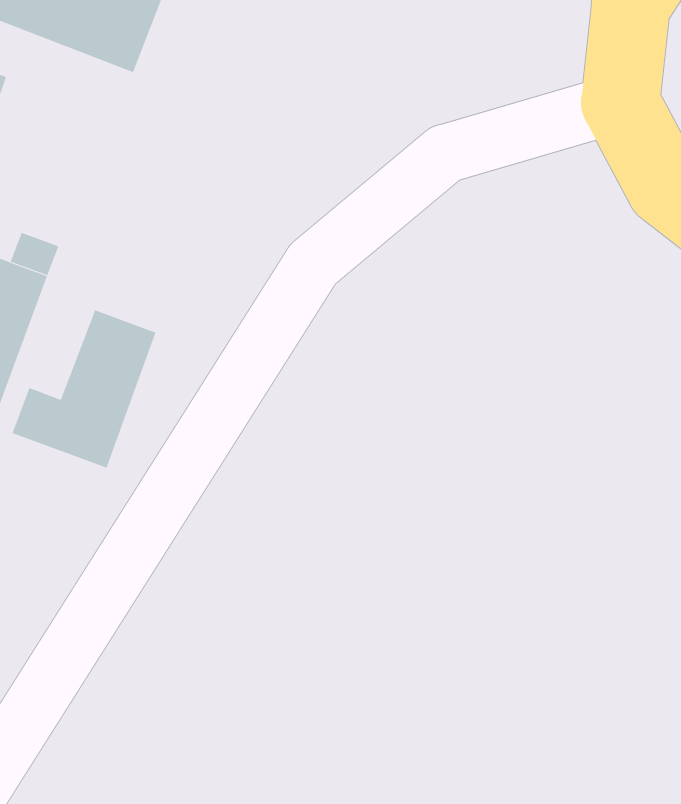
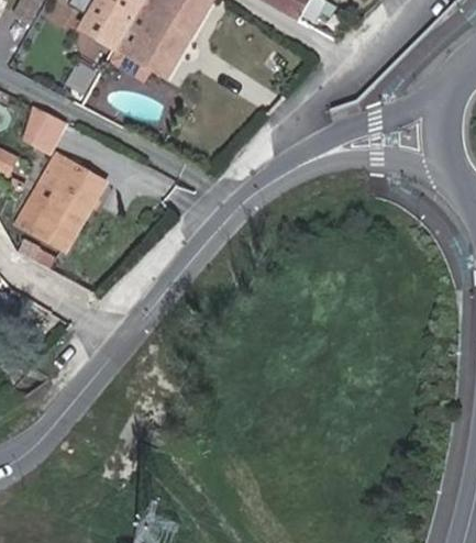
building: [12,310,156,468] -> none

